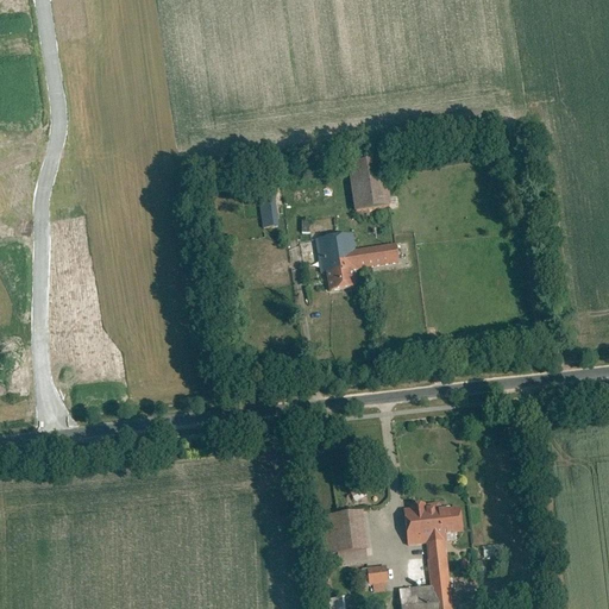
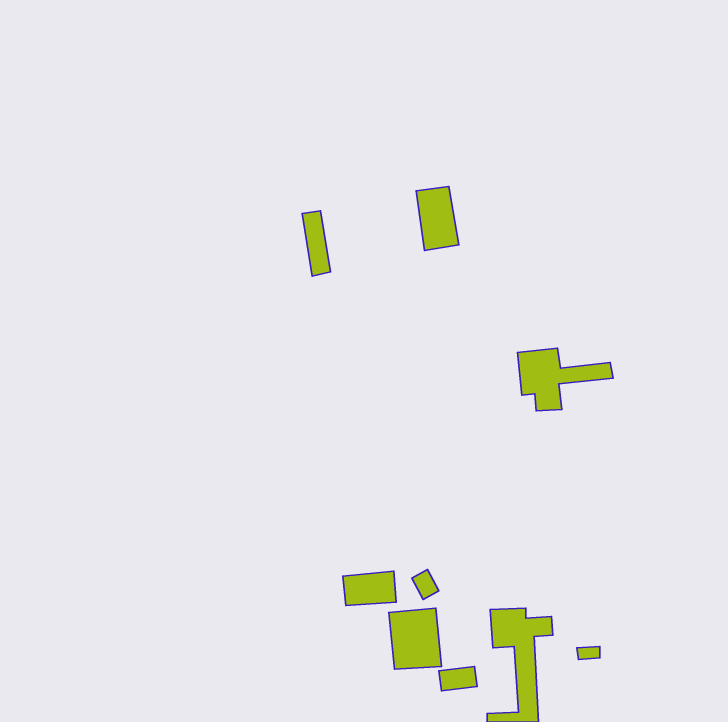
building: [318,234,397,287] -> [518,348,613,411]
building: none -> [343,571,396,606]

